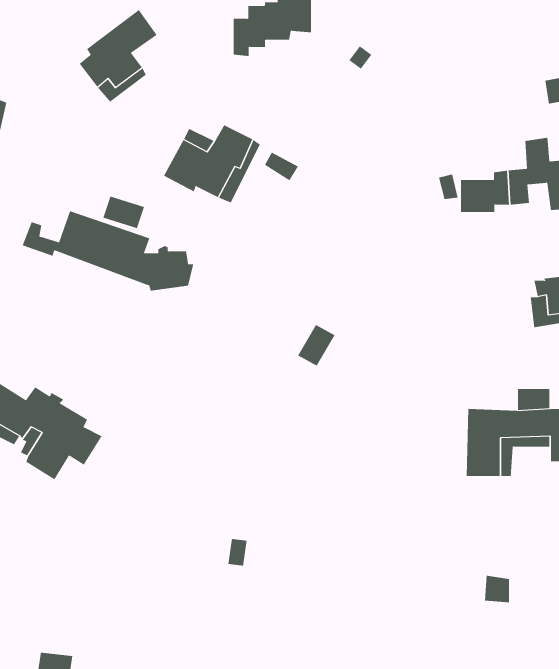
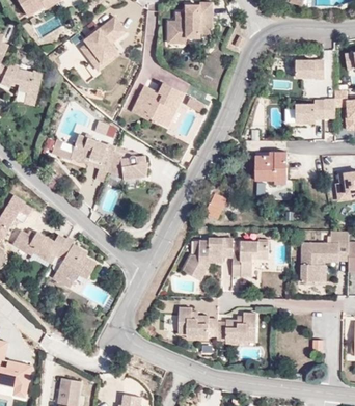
building: none -> [297,69,325,87]
building: none -> [253,152,284,179]
building: none -> [183,238,271,282]
building: none -> [181,306,258,340]

